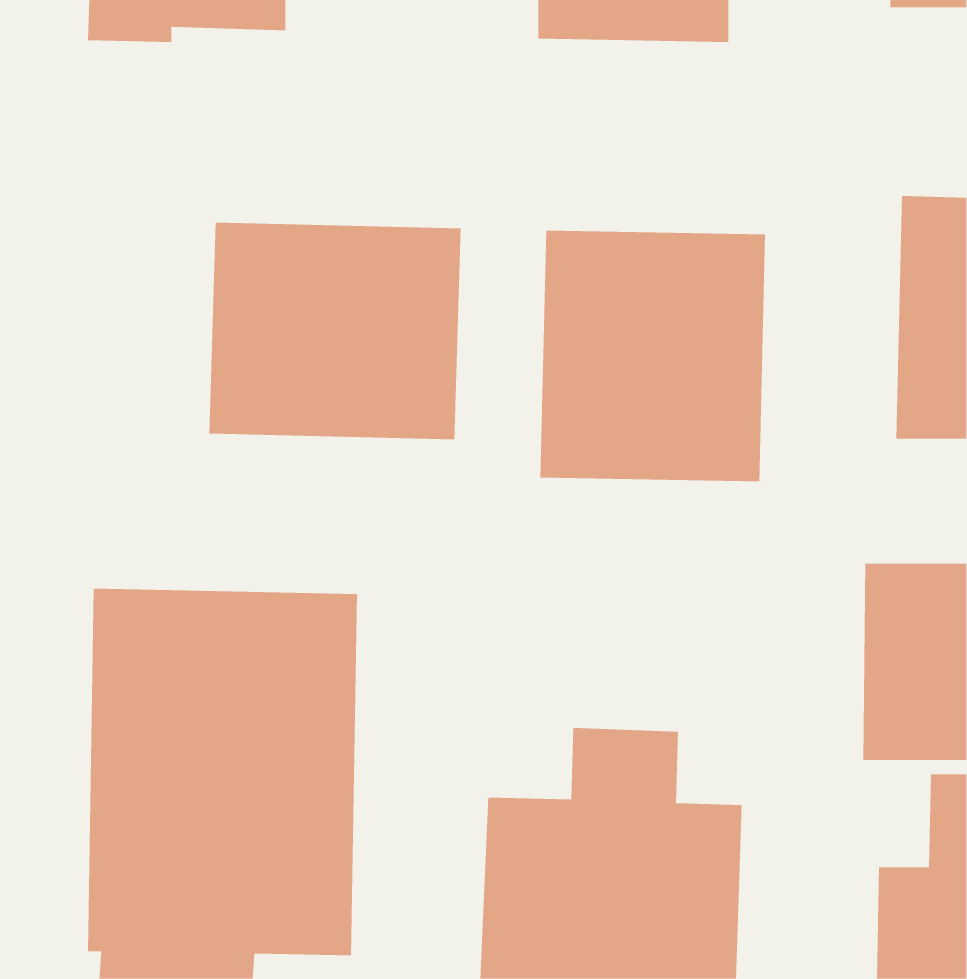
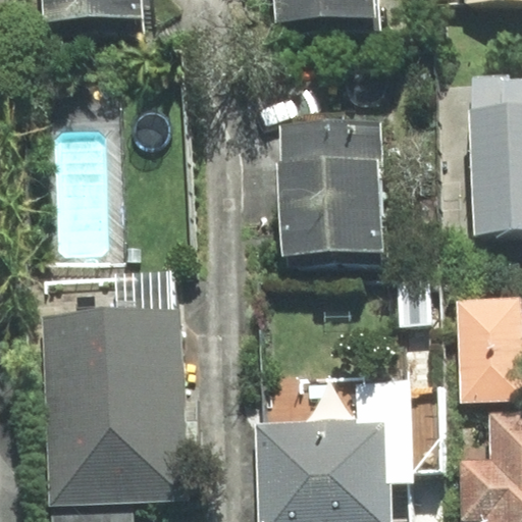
building: [209,222,461,440] -> none

